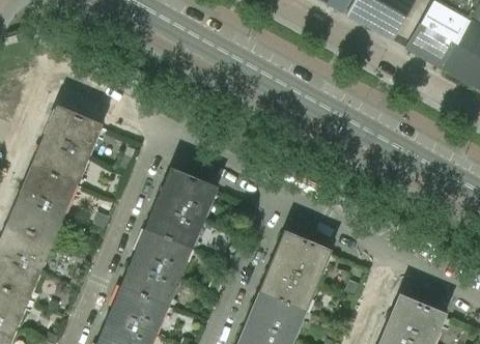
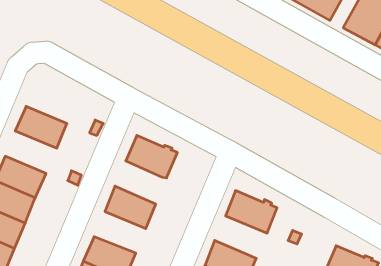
building: [44,108,103,156] -> none
building: [20,165,79,213] -> none
building: [145,199,204,249] -> none
building: [121,257,180,305] -> none
building: [259,262,319,311] -> none

